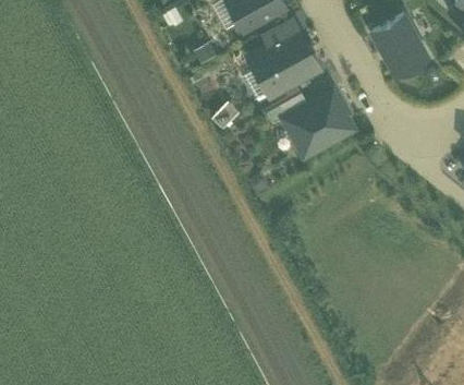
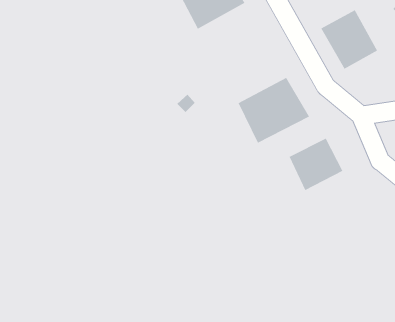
building: [239,16,323,101] -> none
building: none -> [289,138,343,191]

